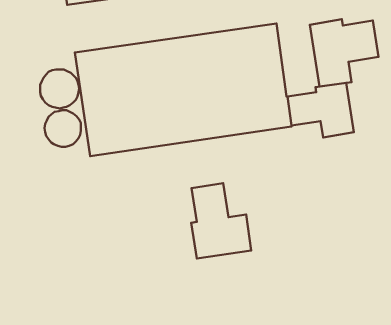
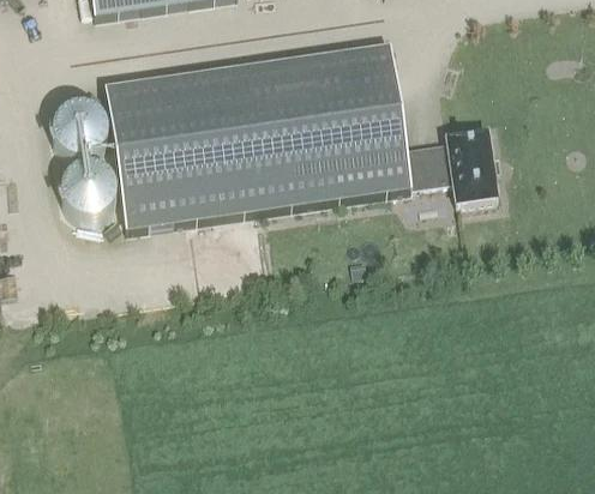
building: [310,19,379,87] -> none
building: [191,183,251,258] -> none

